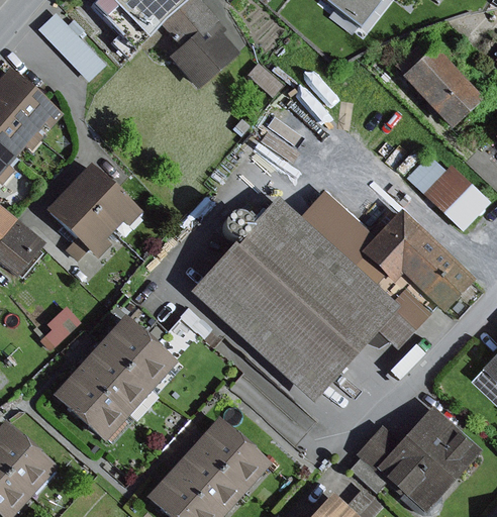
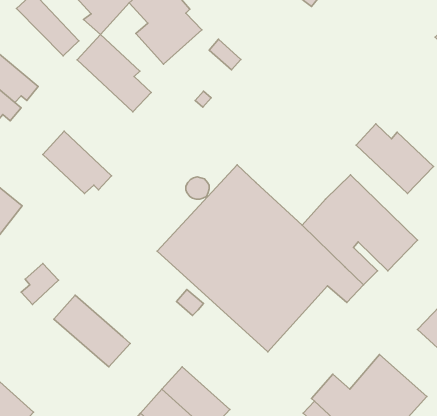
building: [402,45,483,127] -> none
building: none -> [77,34,151,112]
building: [45,187,112,261] -> none
building: [298,189,374,264] -> none
building: [102,315,176,385] -> none
building: [54,366,131,440] -> none

